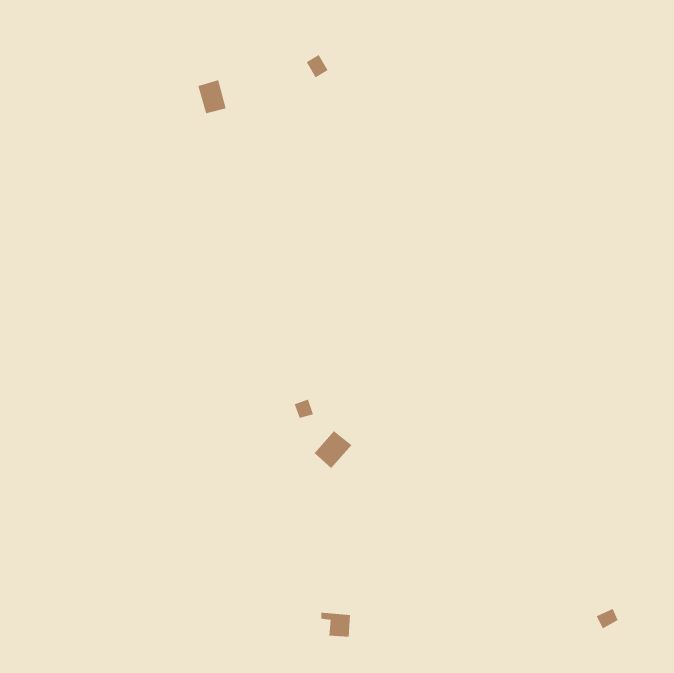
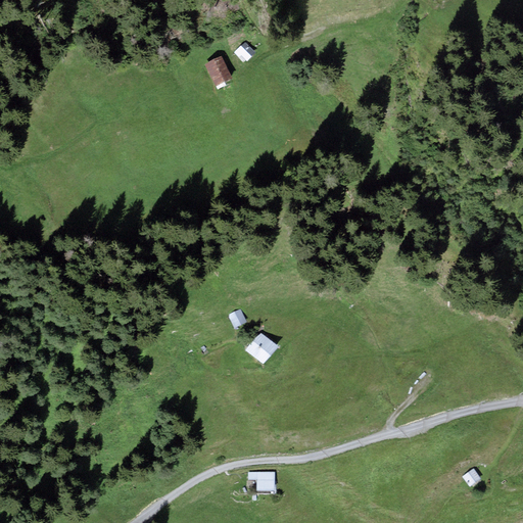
building: [198,79,227,114] -> [208,58,231,85]

